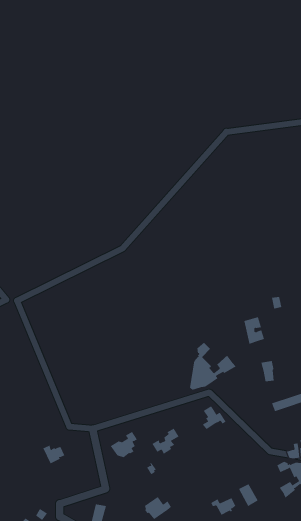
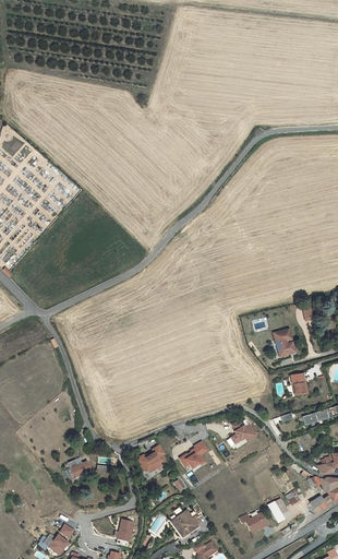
building: [190,342,237,391] -> none

